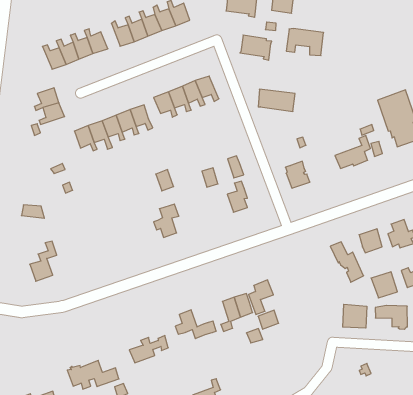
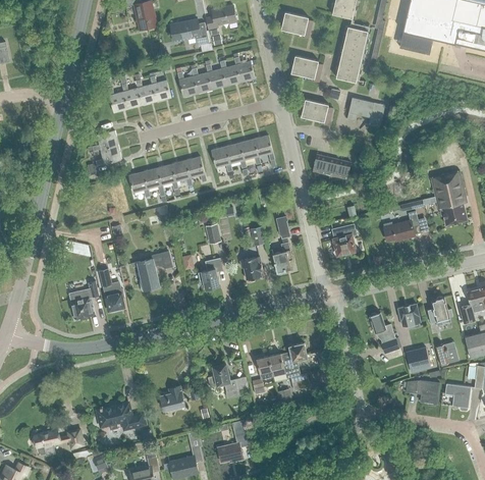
building: none -> [240,256,263,280]
building: none -> [138,252,172,290]
building: none -> [99,269,124,311]
building: [343,304,367,328] -> none

